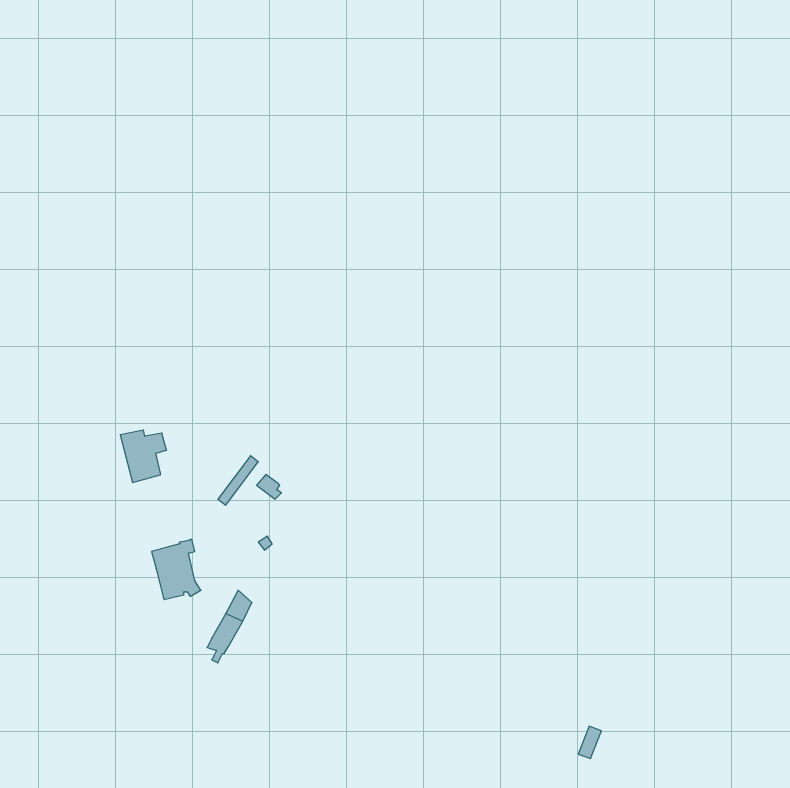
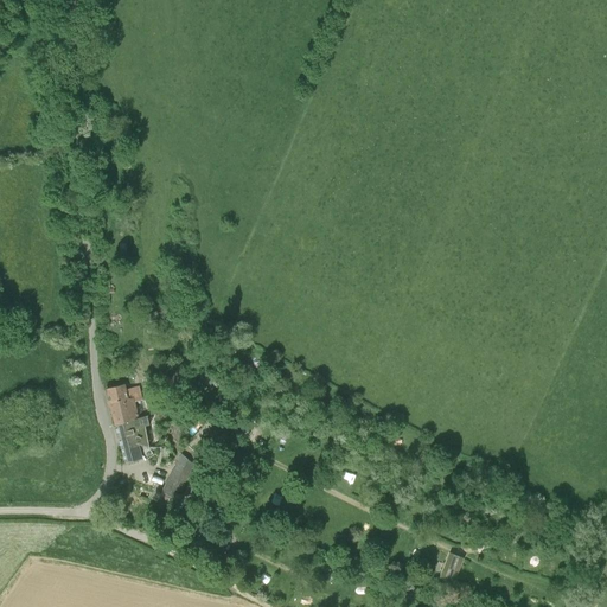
building: [120,430,167,483] -> [107,383,142,423]

